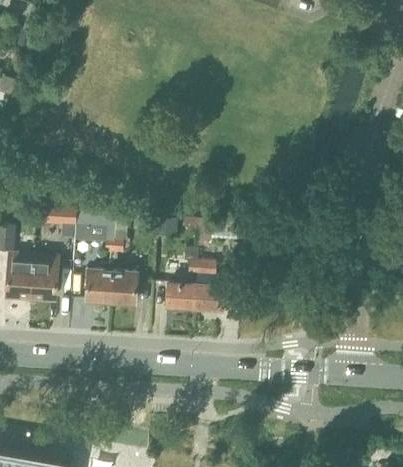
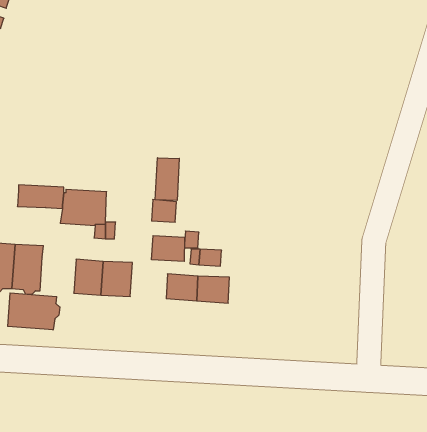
building: none -> [155,158,179,200]
building: none -> [152,236,184,261]
building: none -> [8,293,60,330]

